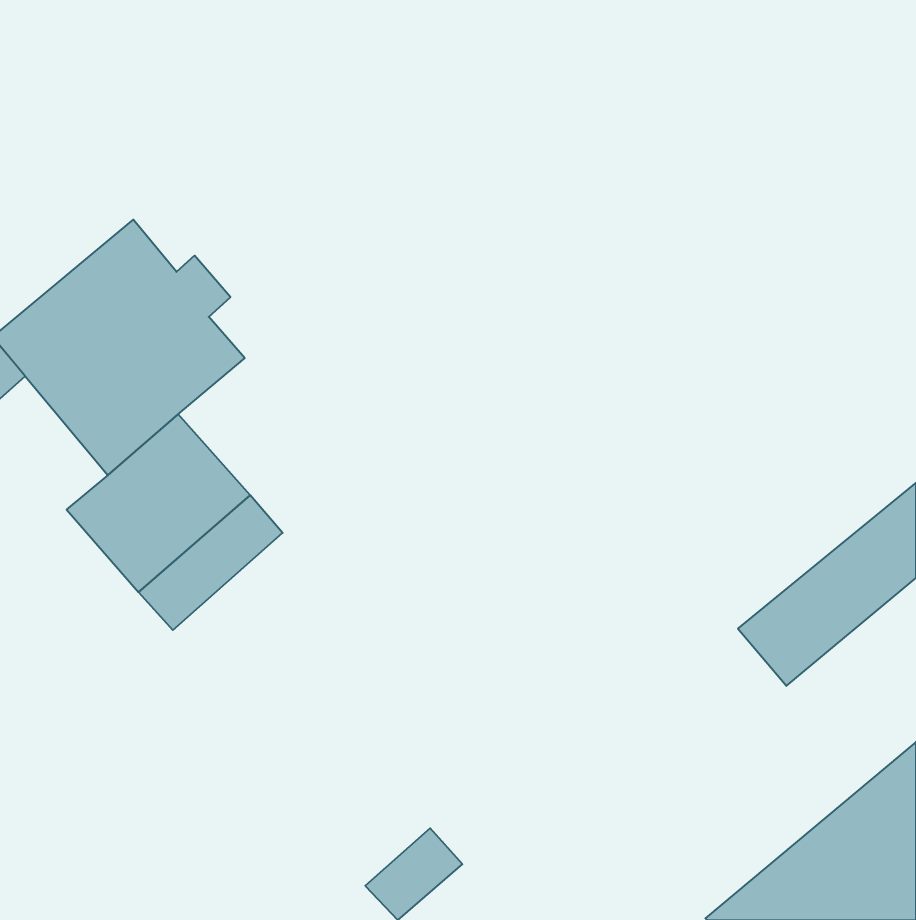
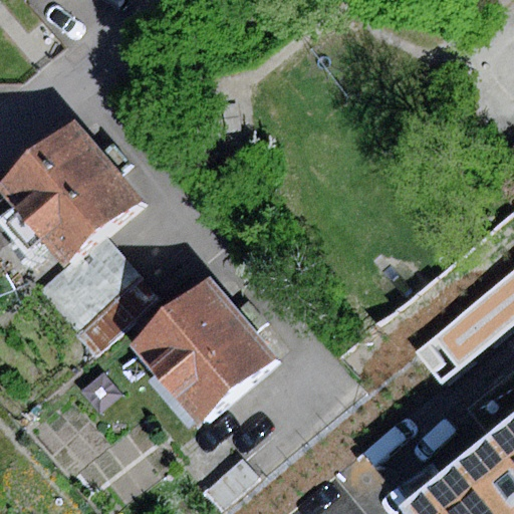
building: none -> [130,279,274,425]

